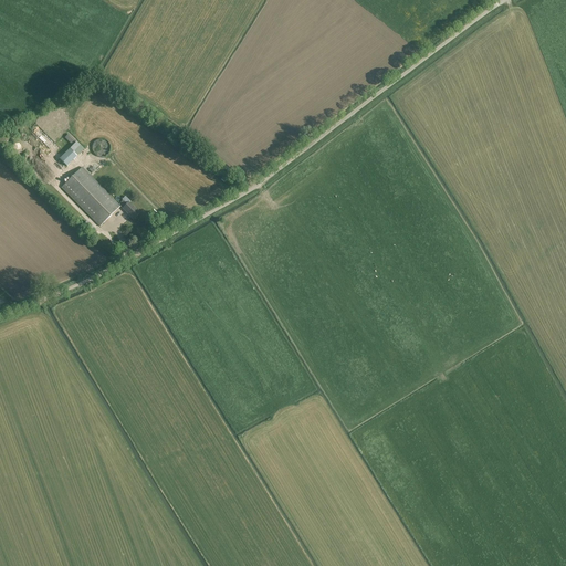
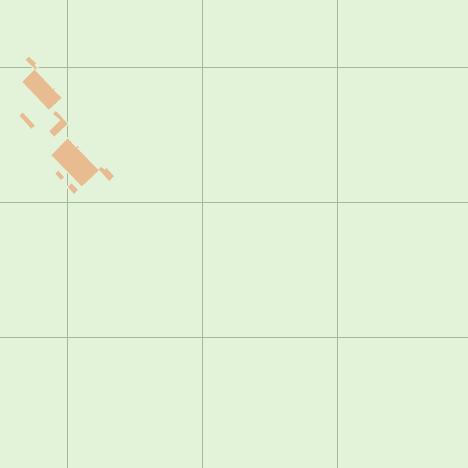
building: none -> [21,56,63,111]

